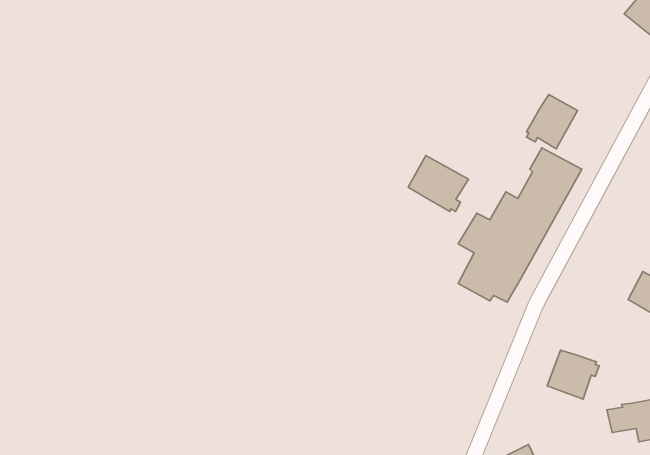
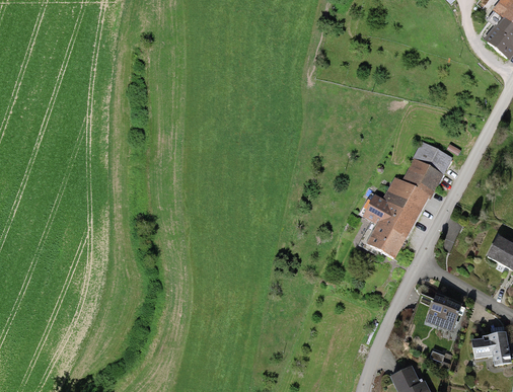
building: [527,94,578,149] -> none
building: [408,156,468,211] -> none

